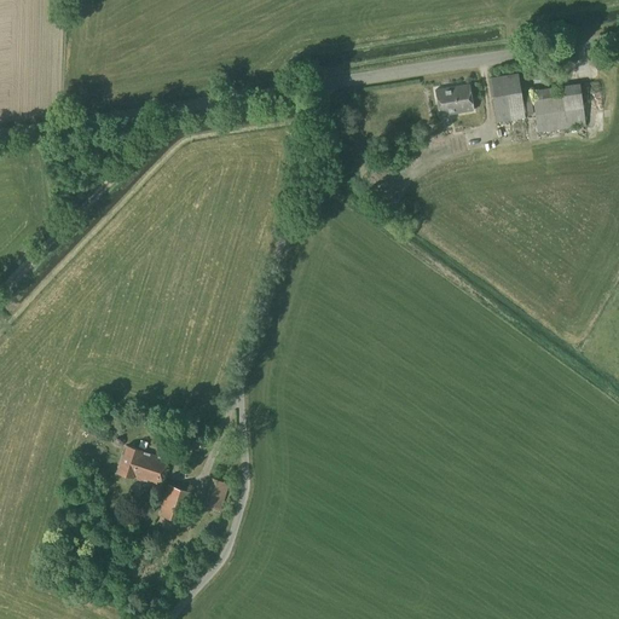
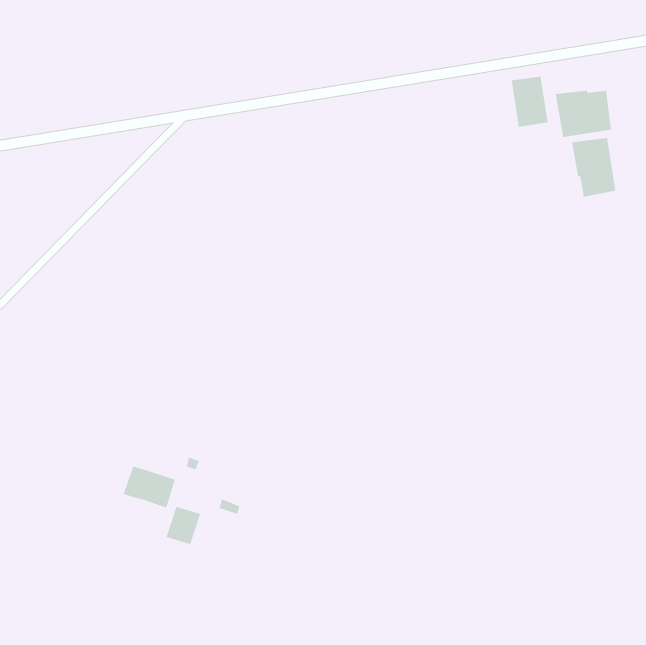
building: [435,83,473,115] -> none
building: none -> [571,137,616,197]

